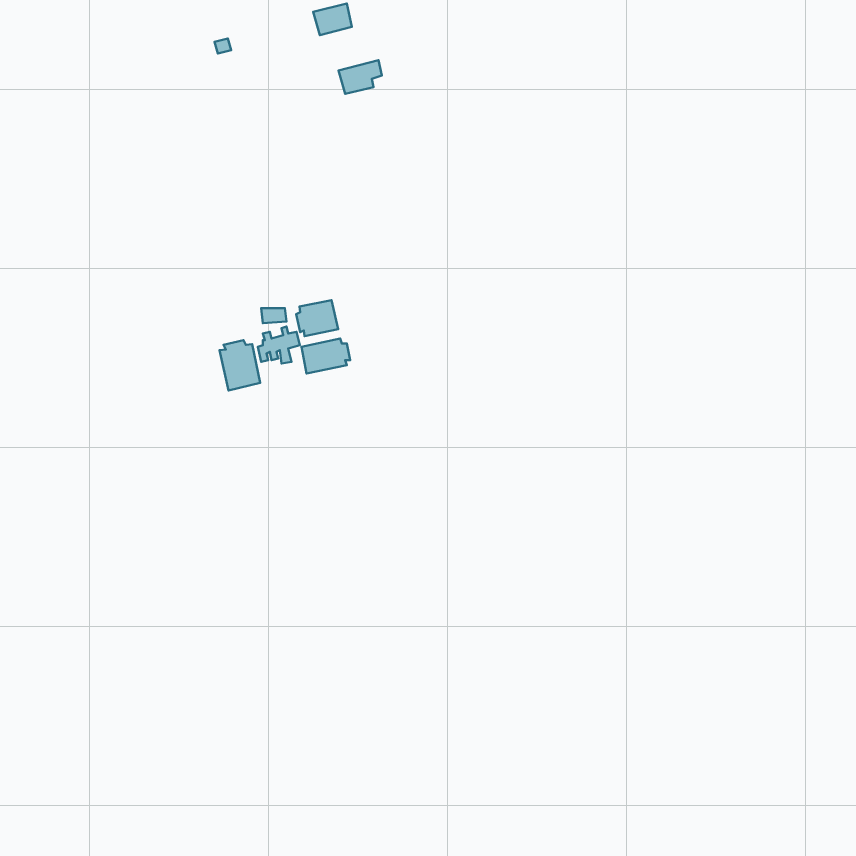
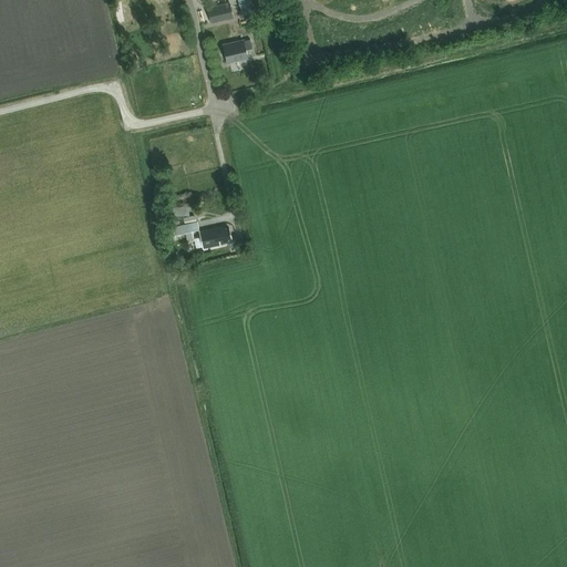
building: [296,300,338,336] -> none
building: [219,340,260,391] -> none

